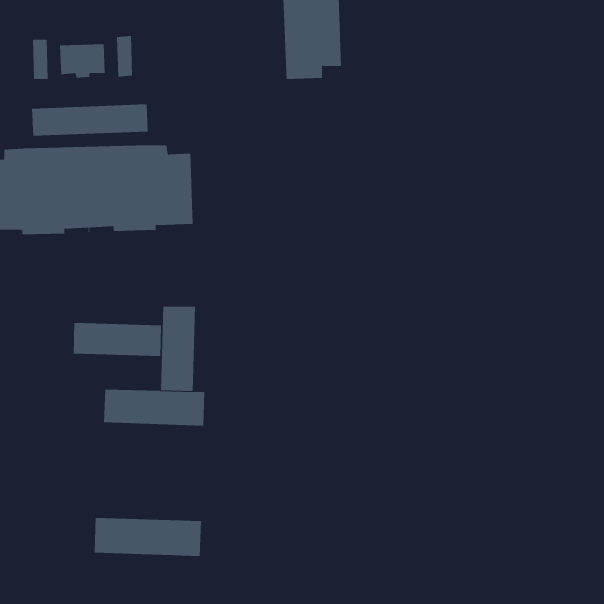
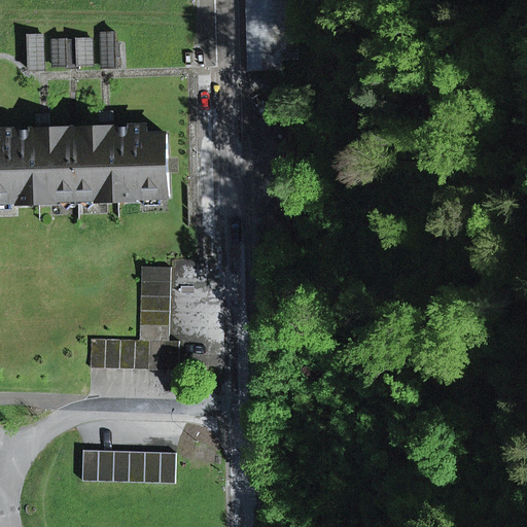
building: [32,103,148,137] -> none
building: [73,322,162,357] -> none

